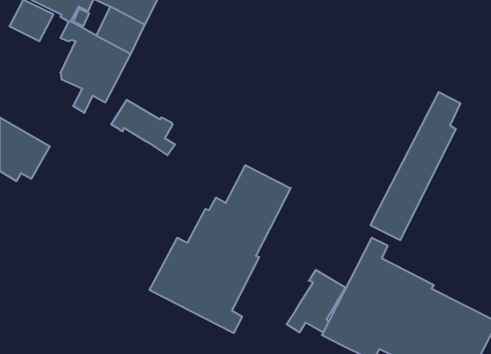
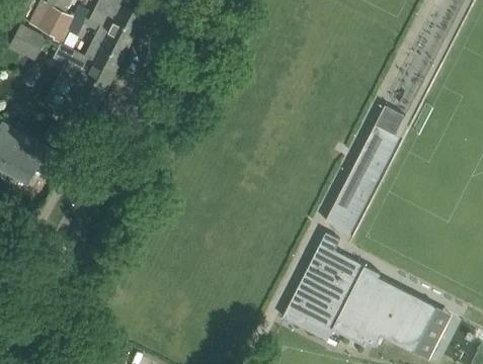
building: [111,100,175,155] -> none
building: [150,165,291,333] -> none
building: [286,270,345,332] -> none

